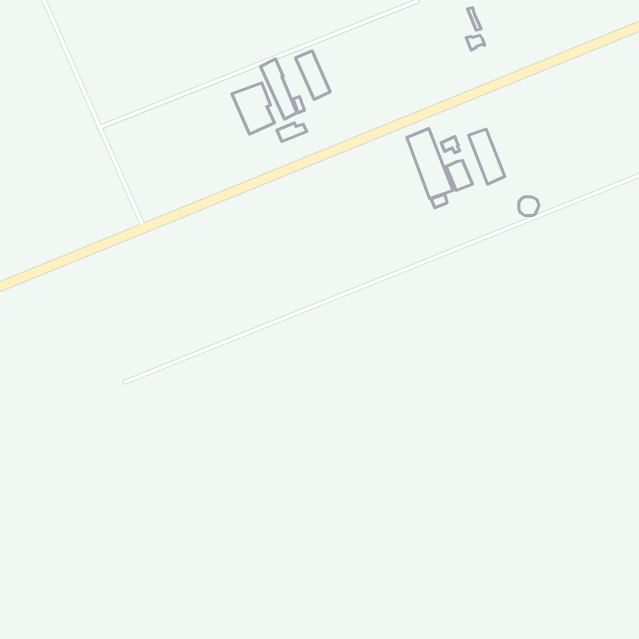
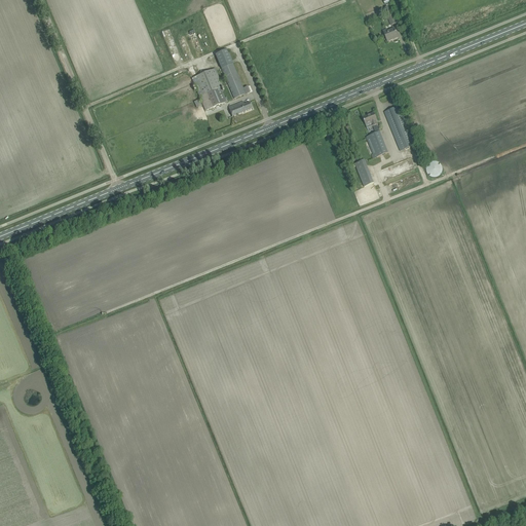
building: [295,51,330,100] -> none
building: [407,128,453,199] -> none

